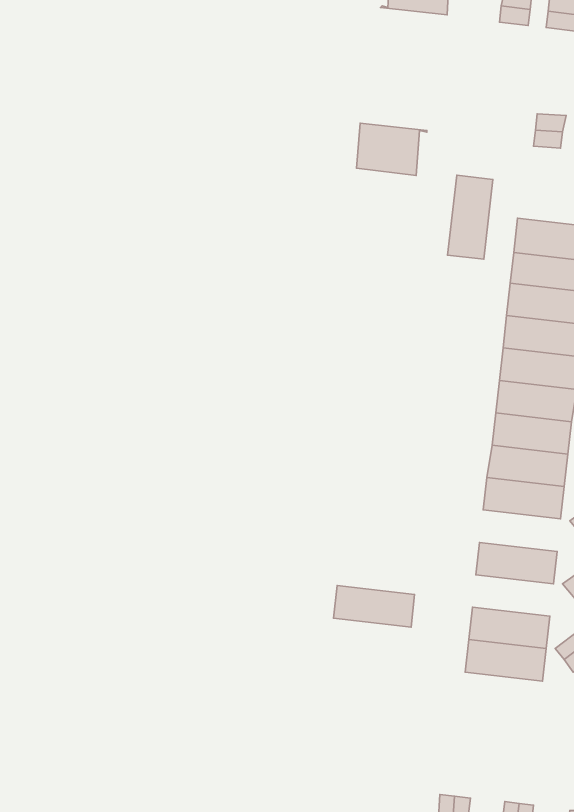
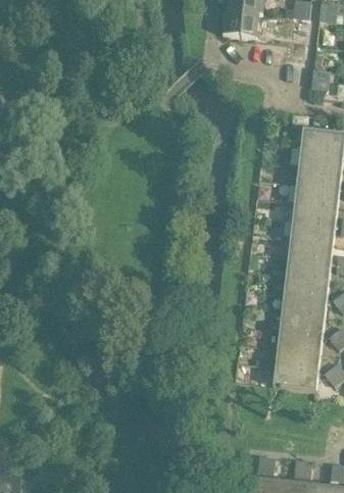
building: [357,123,427,175] -> [222,8,261,38]
building: [447,175,493,259] -> none
building: none -> [280,293,326,316]
building: [334,586,415,627] -> [276,330,322,353]

